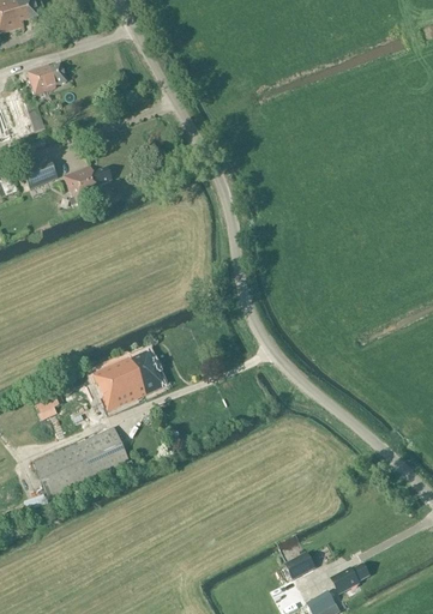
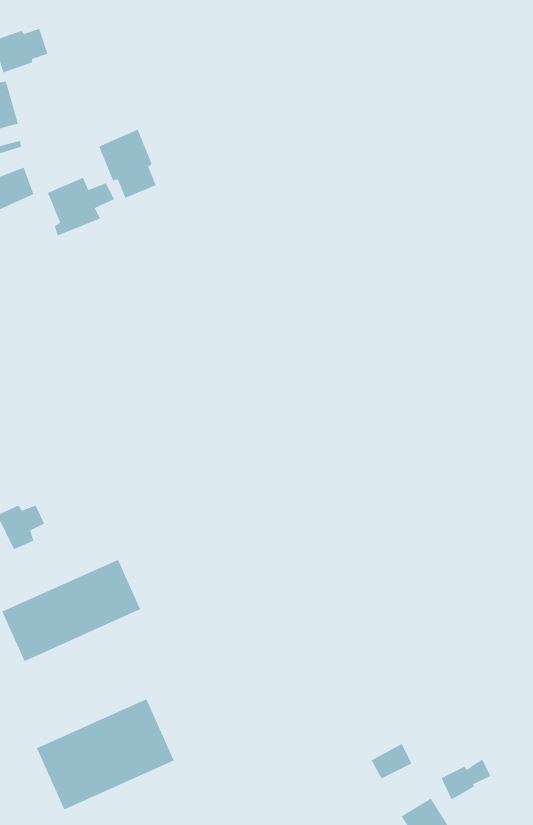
building: none -> [98,129,157,199]
building: [91,350,162,410] -> none
building: none -> [36,698,175,810]

